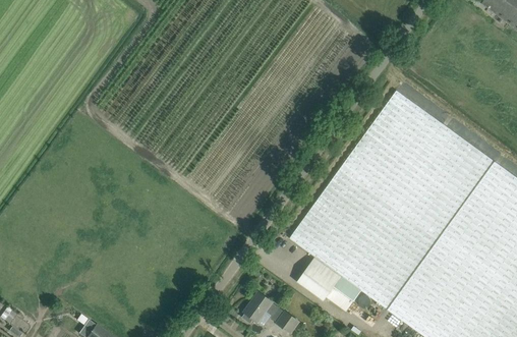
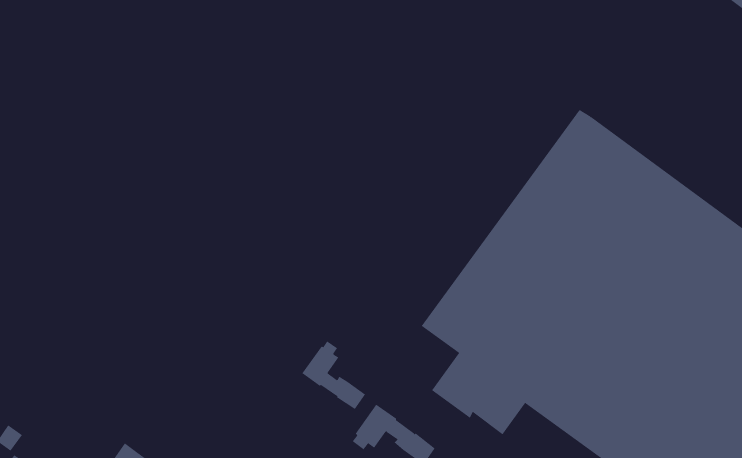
building: none -> [301,341,366,410]

